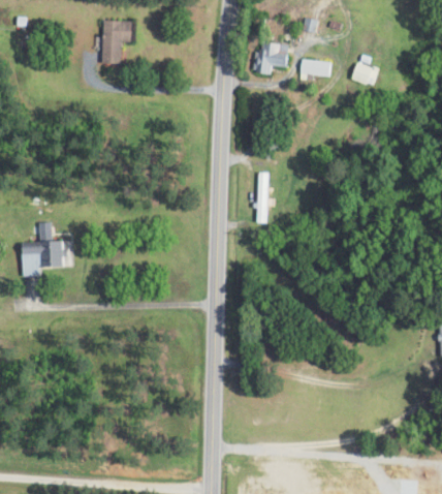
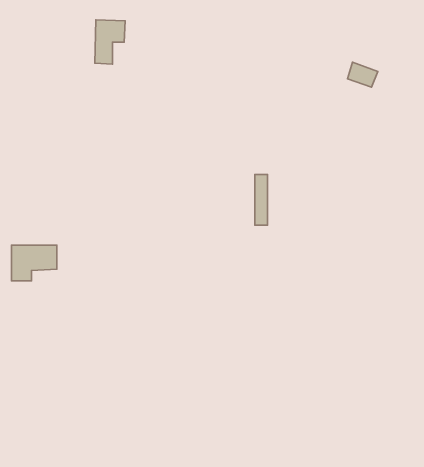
building: [252,41,286,76] -> none
building: [298,60,332,78] -> none

